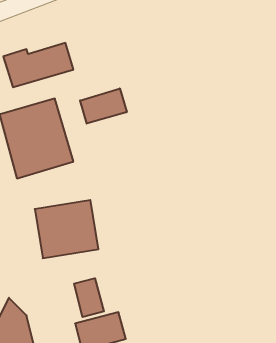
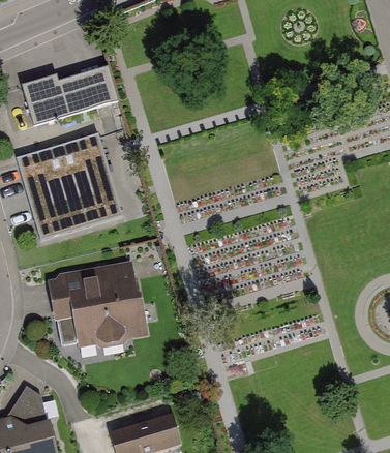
building: [80,88,127,124] -> none
building: [74,278,104,317] -> none

